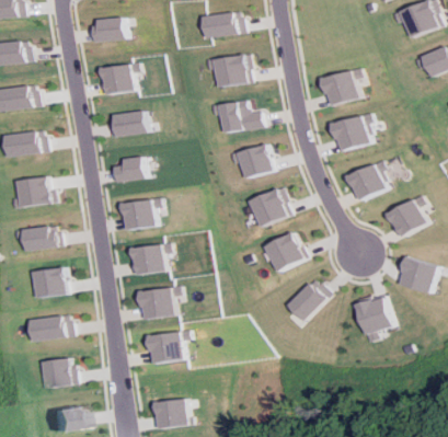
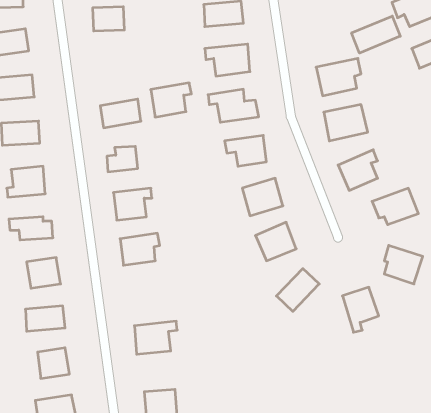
building: none -> [352,16,400,53]
building: [102,61,142,95] -> [151,83,191,117]
building: [133,286,176,320] -> none

